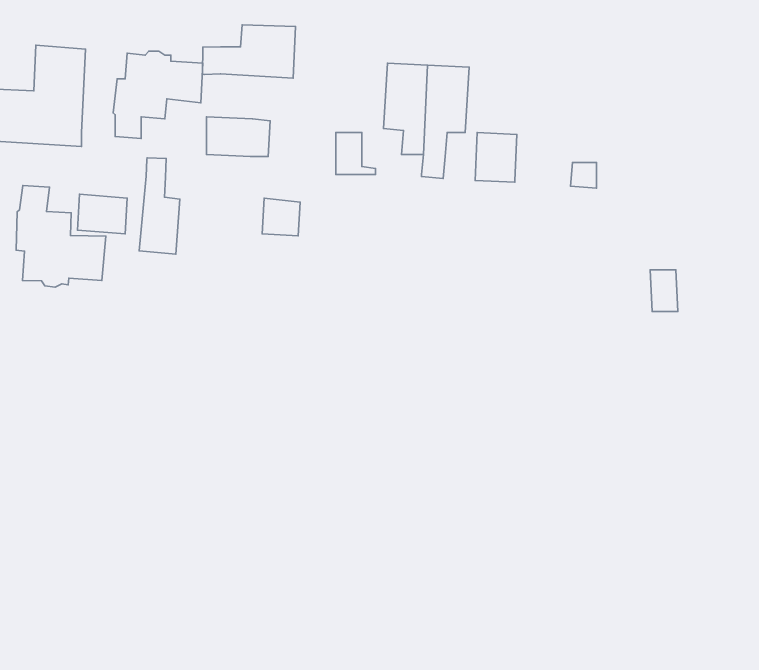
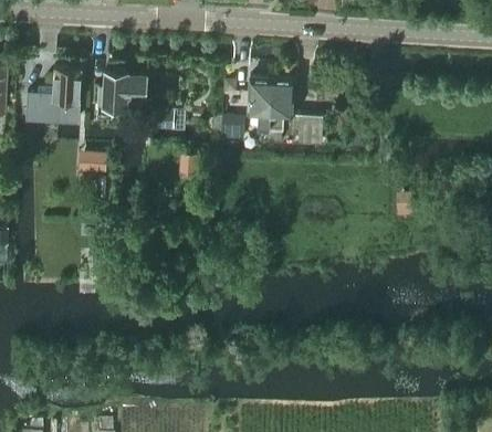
building: [202,25,296,78] -> none
building: [139,158,180,254] -> none
building: [16,186,106,287] -> none

